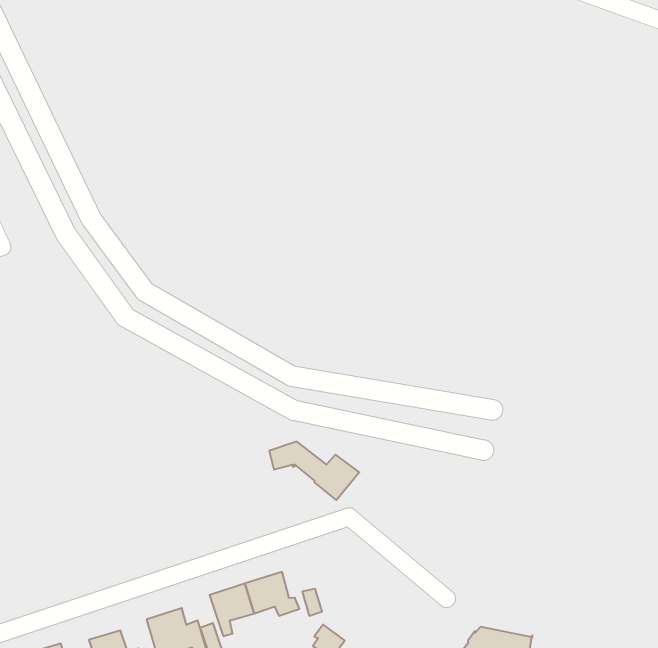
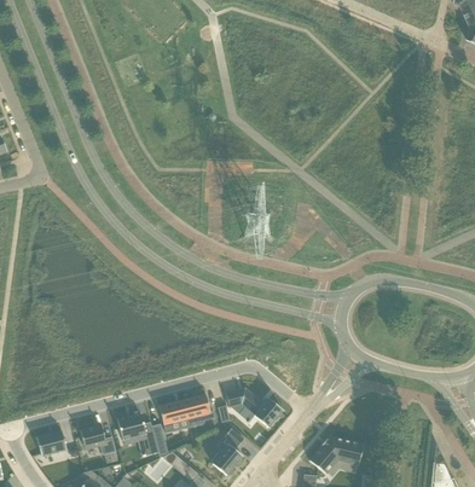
building: [269,442,359,500] -> [226,388,283,427]

